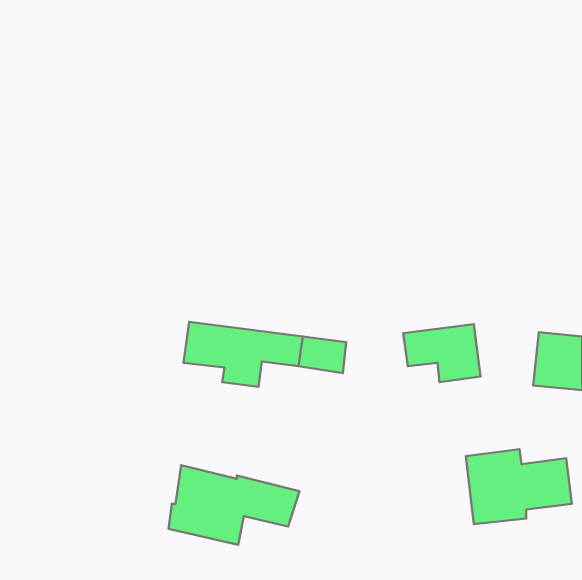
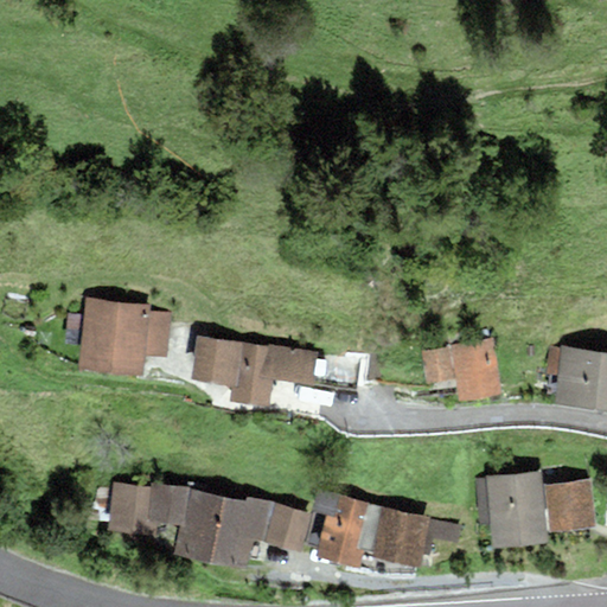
building: none -> [78,298,172,375]
building: none -> [107,481,189,536]
building: none -> [312,490,462,568]

